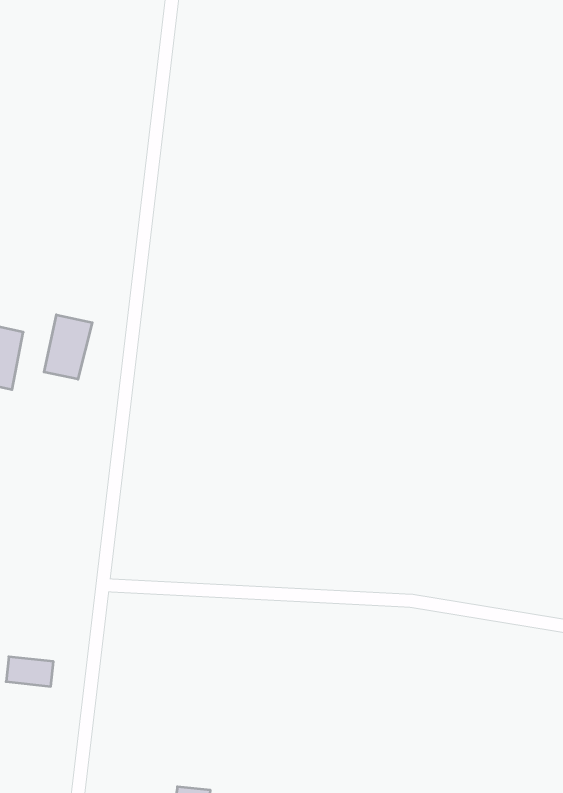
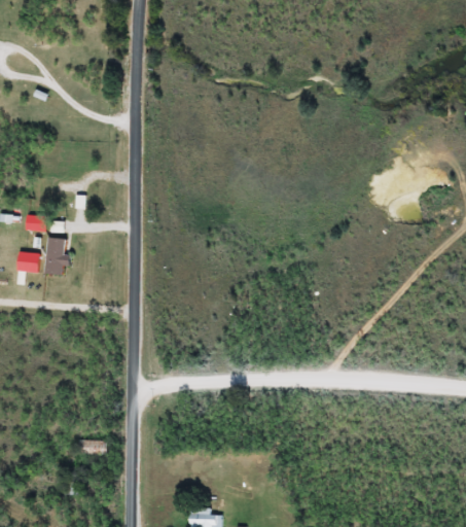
building: [44,315,92,379] -> none

